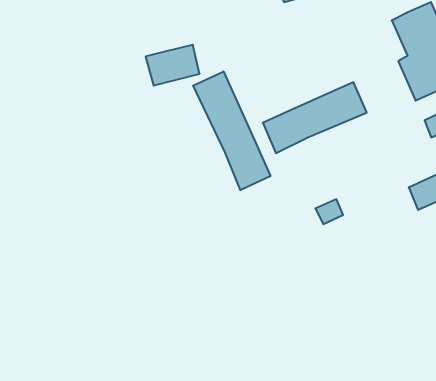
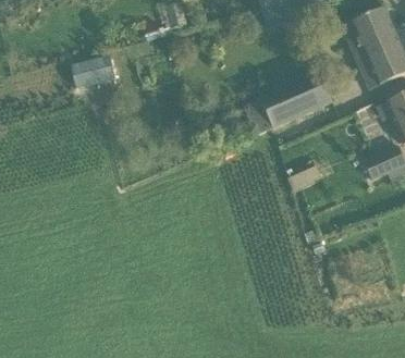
building: [146,45,200,86] -> [70,53,114,87]
building: [193,71,270,190] -> none

